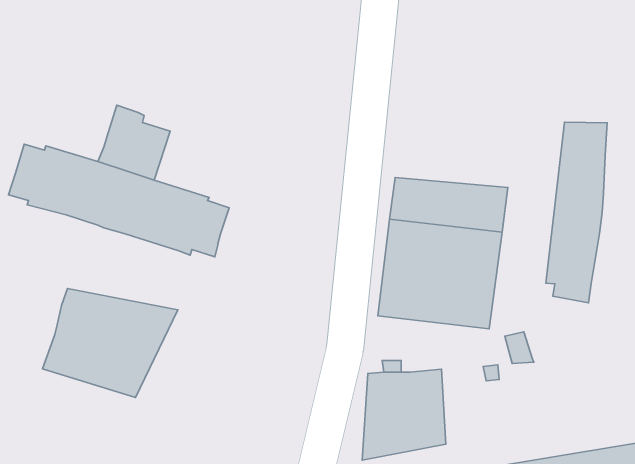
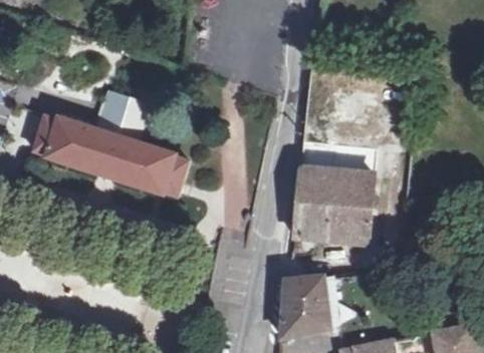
building: [546,122,607,303] -> none
building: [43,288,178,398] -> none

